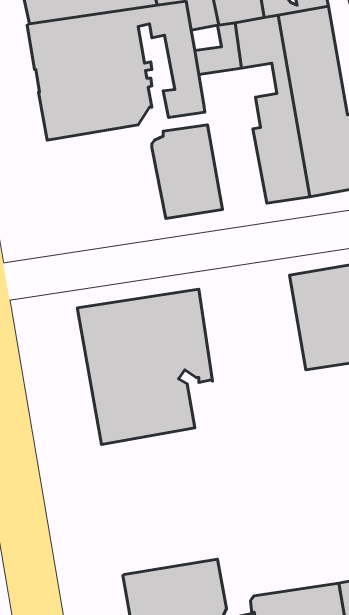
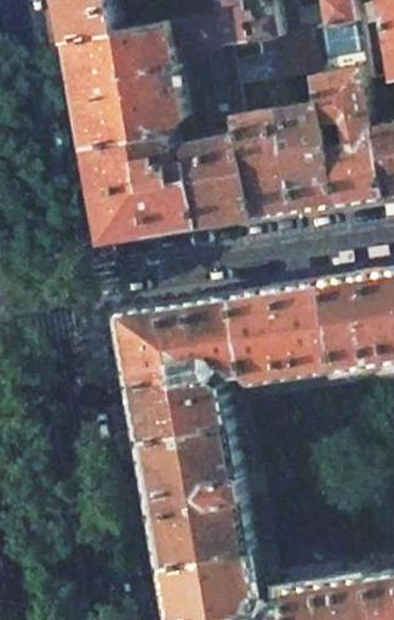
building: none -> [232,111,292,218]
building: none -> [81,137,195,243]
building: none -> [227,281,330,385]
building: none -> [133,427,245,568]

